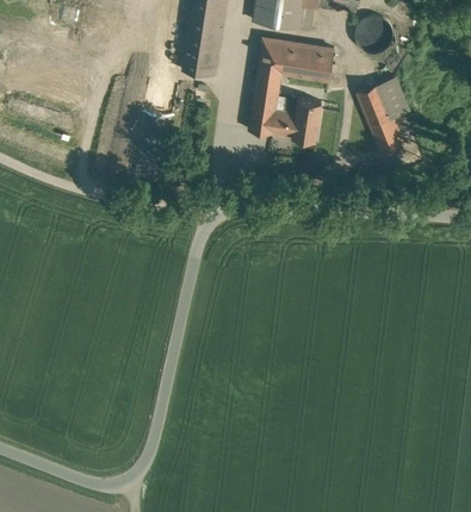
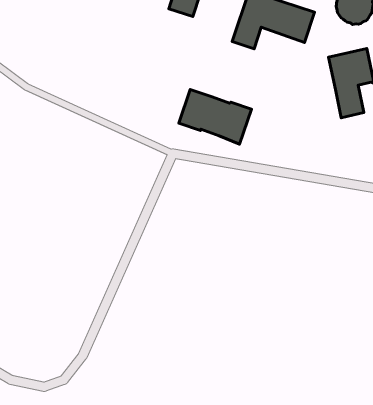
building: [250,94,323,142] -> [179,90,251,144]

